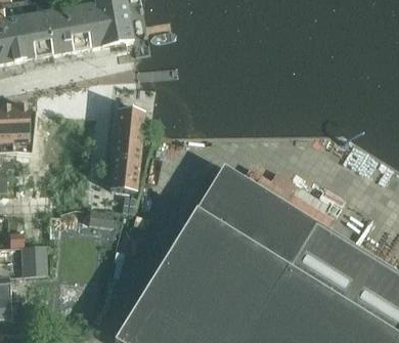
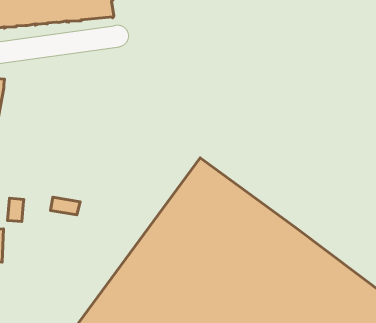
building: [110,110,145,191] -> none

